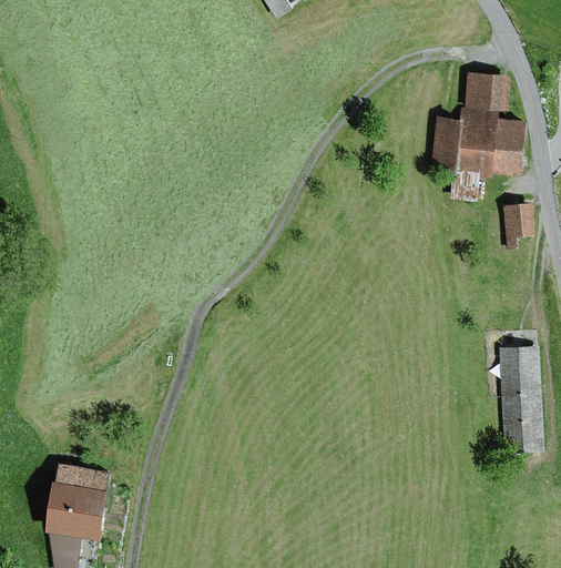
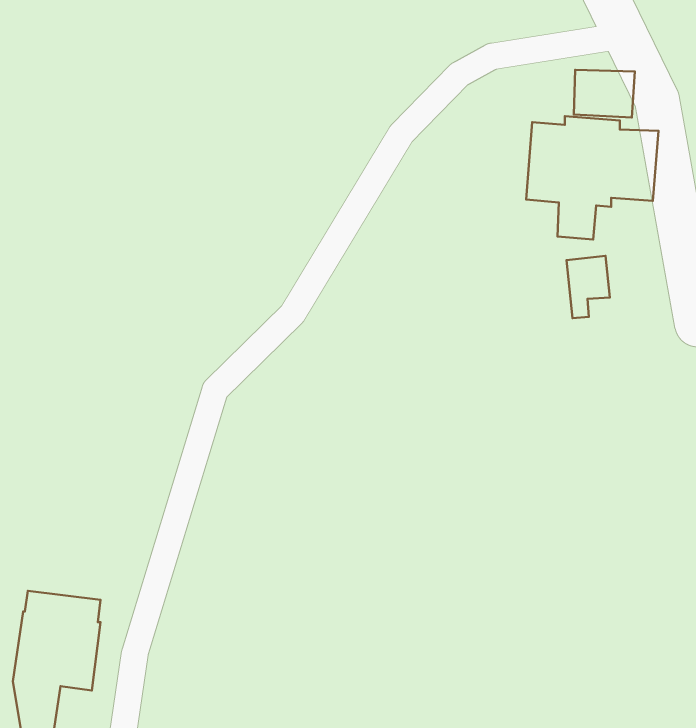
building: [502,204,534,251] -> [567,256,610,318]
building: [498,346,543,454] -> none

